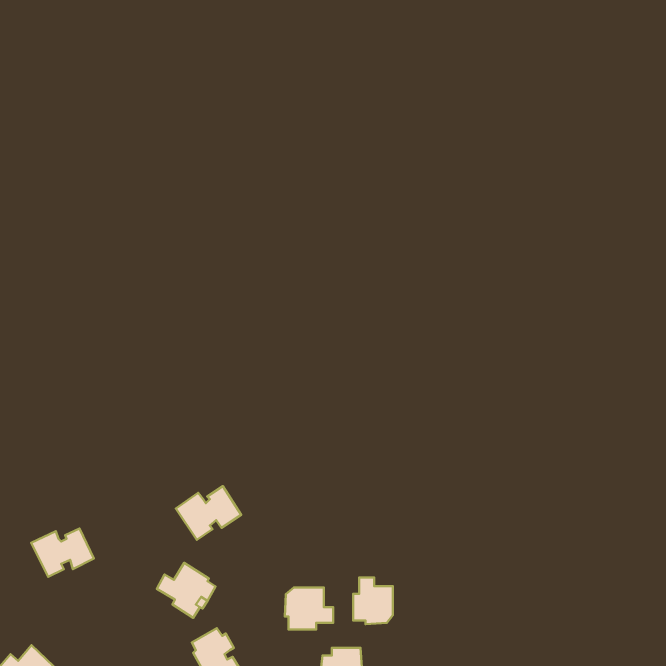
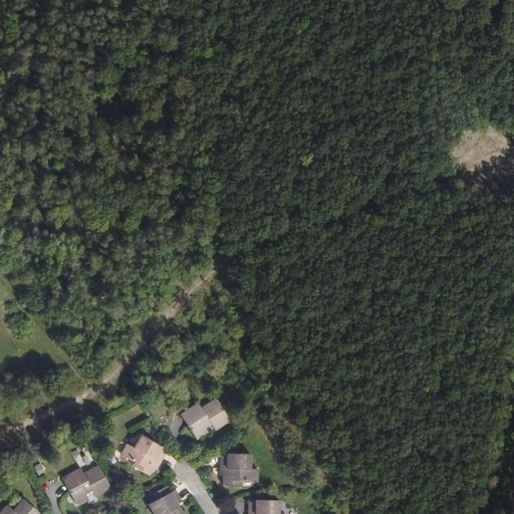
building: [176,486,241,540] -> [180,398,230,439]
building: [31,529,94,577] -> [64,466,112,503]
building: [353,577,393,624] -> none

